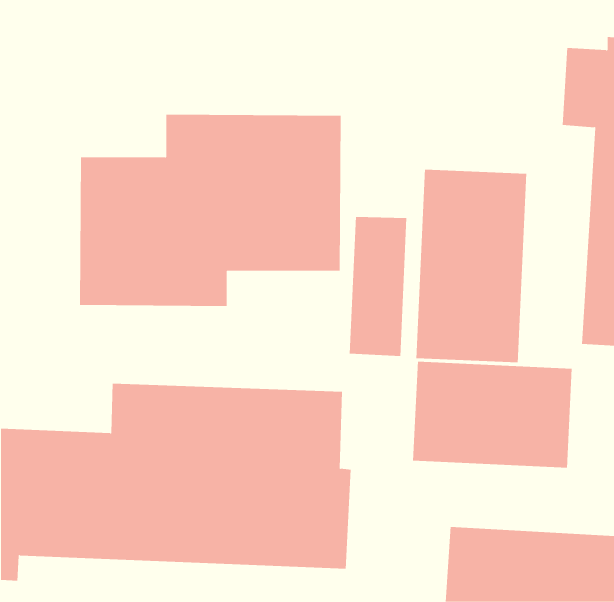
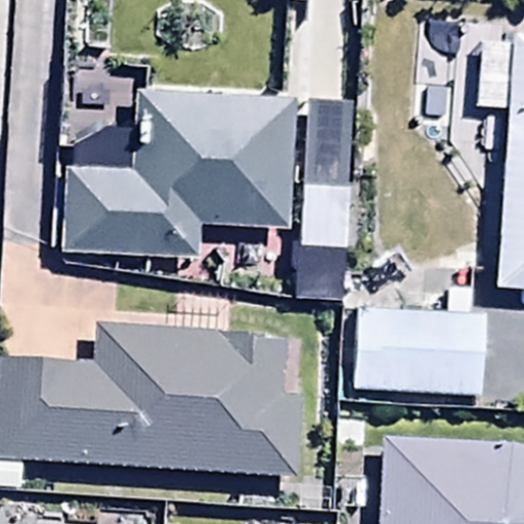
building: [416,169,527,363] -> none

